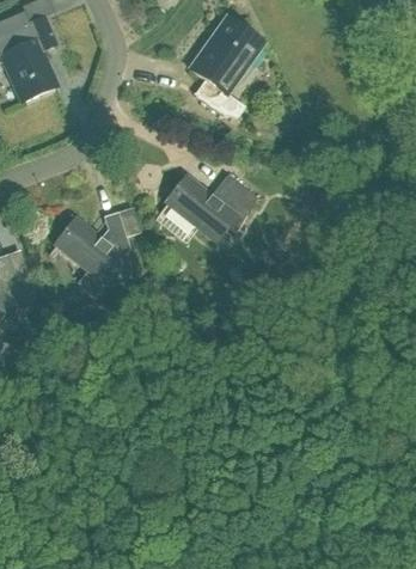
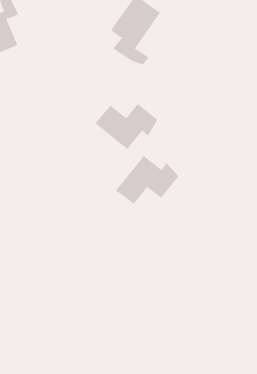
building: [55,213,130,282] -> none
building: none -> [115,155,179,205]

